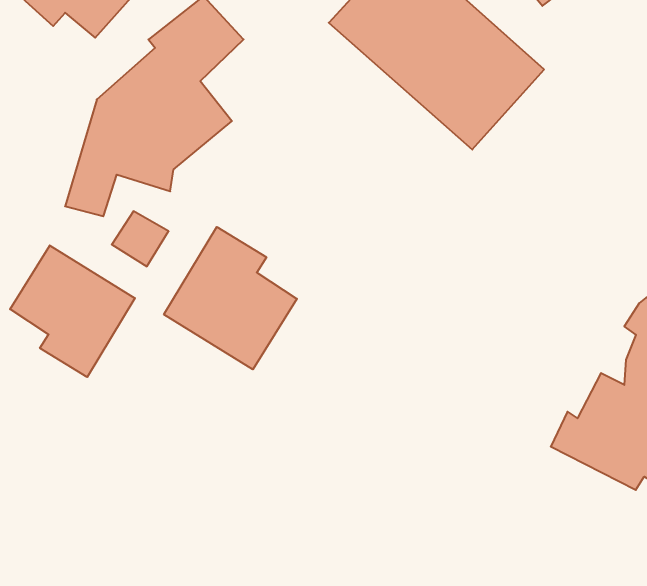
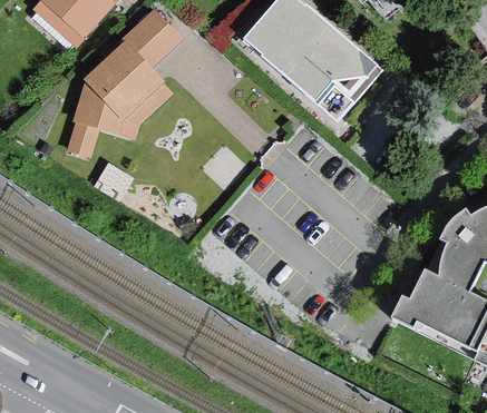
building: [164,227,297,369] -> none
building: [10,245,135,377] -> none

